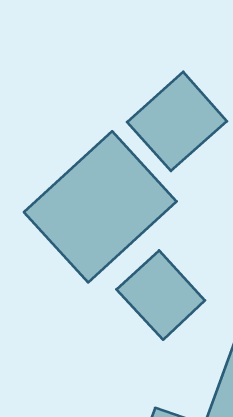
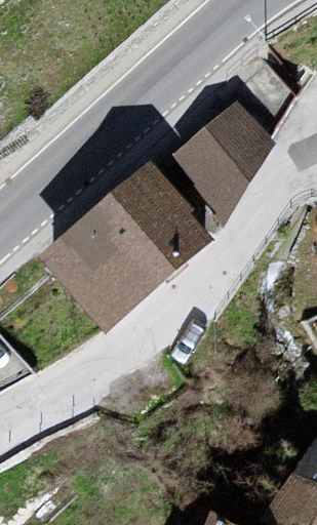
building: [116,250,205,340] -> none

